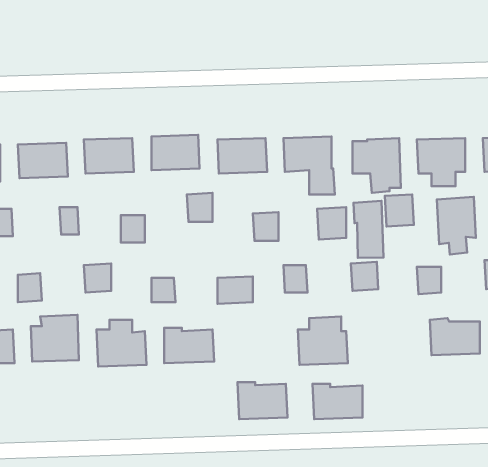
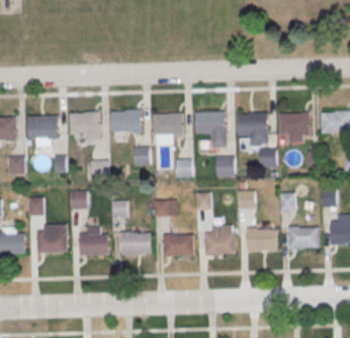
building: [437,197,476,254] -> none
building: [354,201,383,258] -> none
building: [237,382,287,419] -> [162,234,193,257]
building: [313,384,362,419] -> [245,229,276,251]

